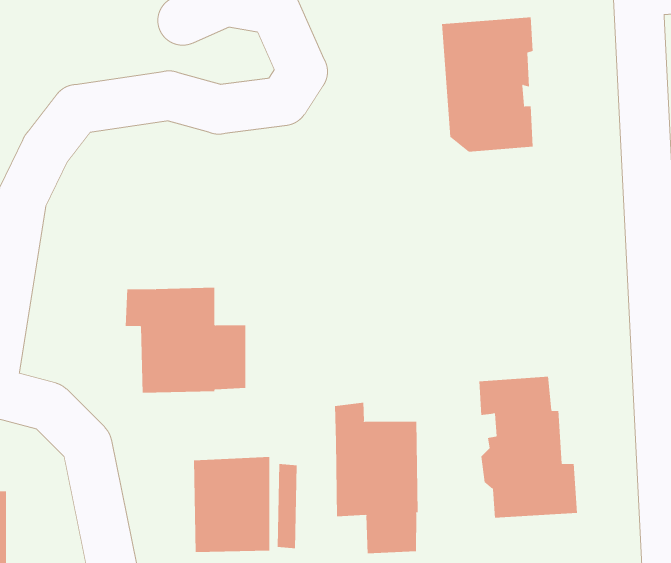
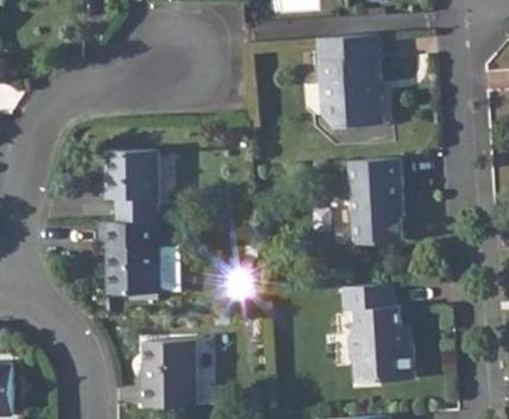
building: none -> [106,151,159,223]
building: none -> [346,157,402,244]
building: [334,402,418,554] -> none

